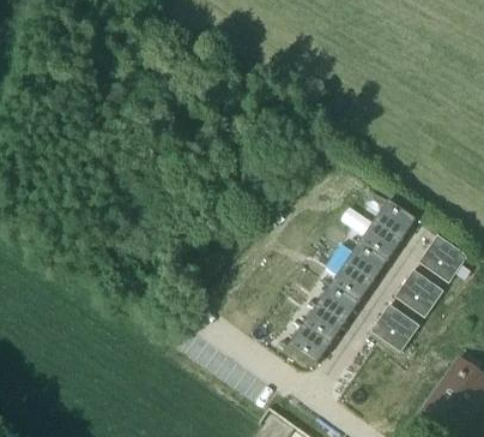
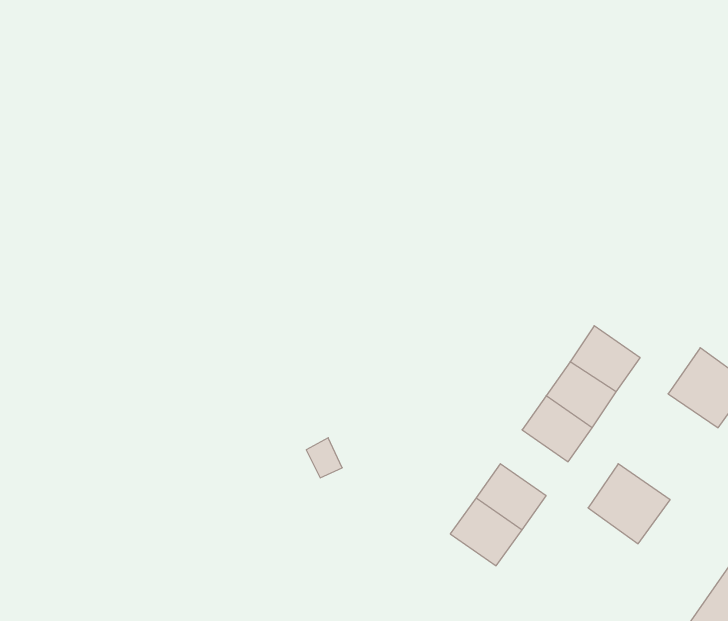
building: [374,198,416,239] -> none
building: [394,268,443,316] -> none
building: [317,282,358,322] -> none

